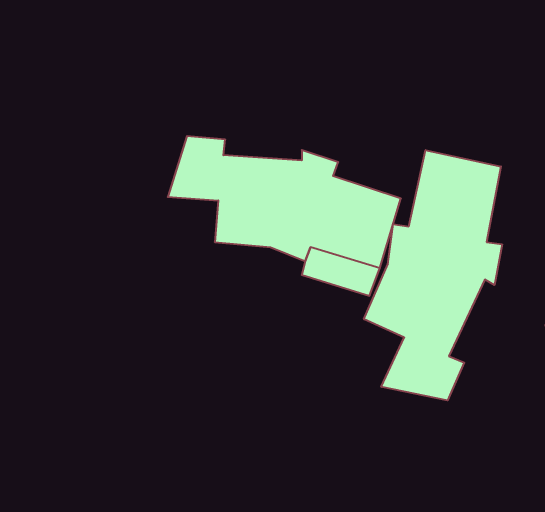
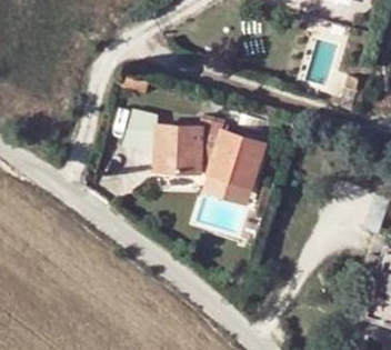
building: [364,150,502,400] -> none

